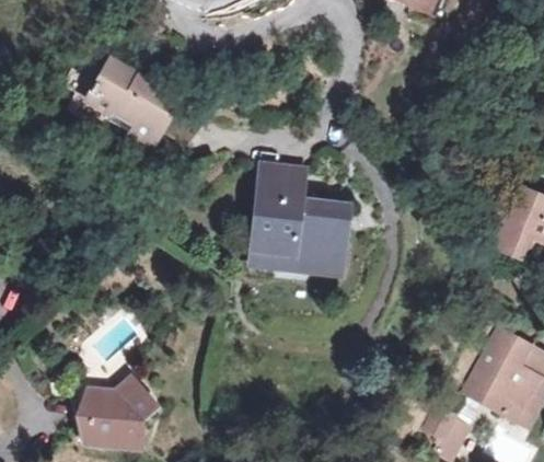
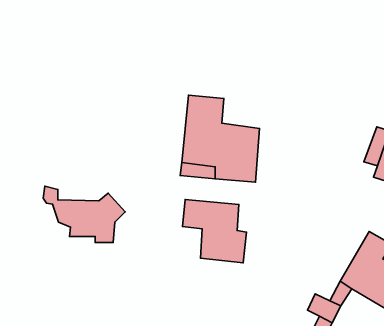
building: [88,58,174,146] -> none
building: none -> [183,200,247,263]
building: [46,372,151,444] -> [43,186,125,243]

